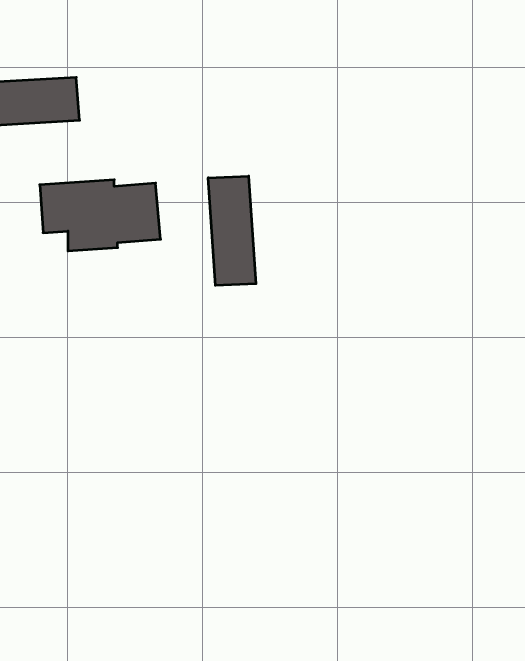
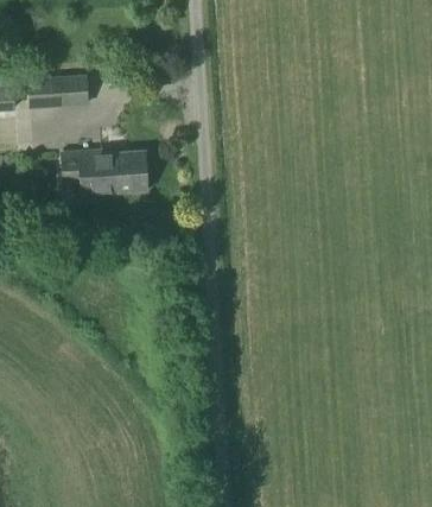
building: [208,176,256,285] -> none

